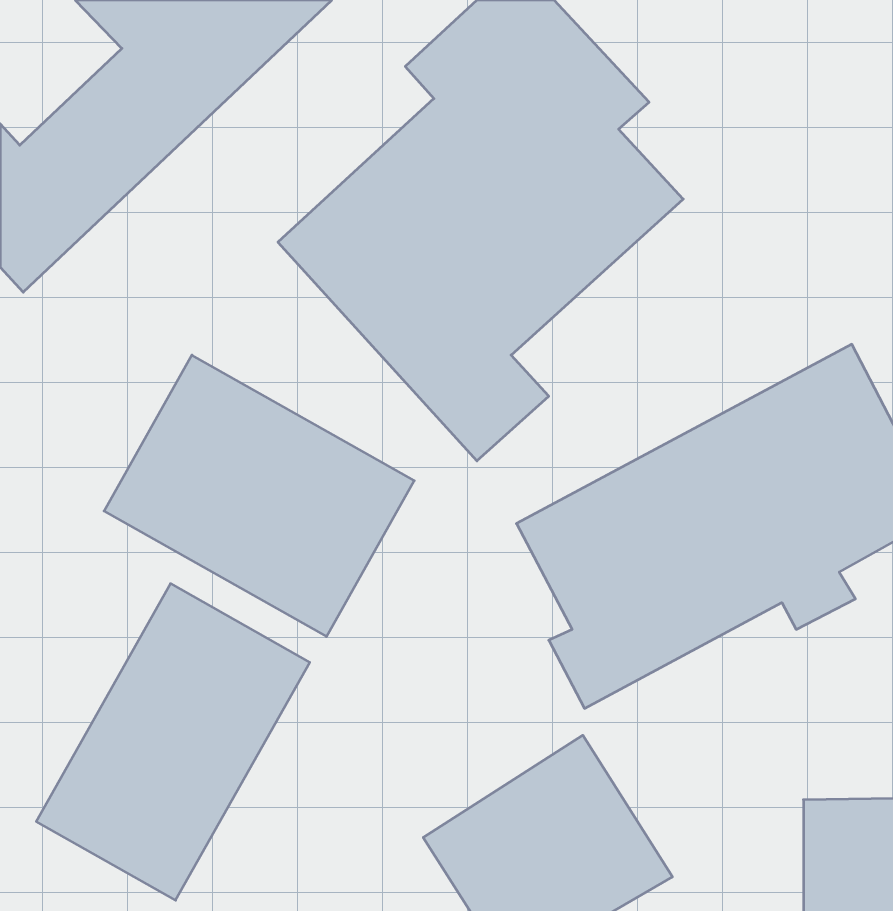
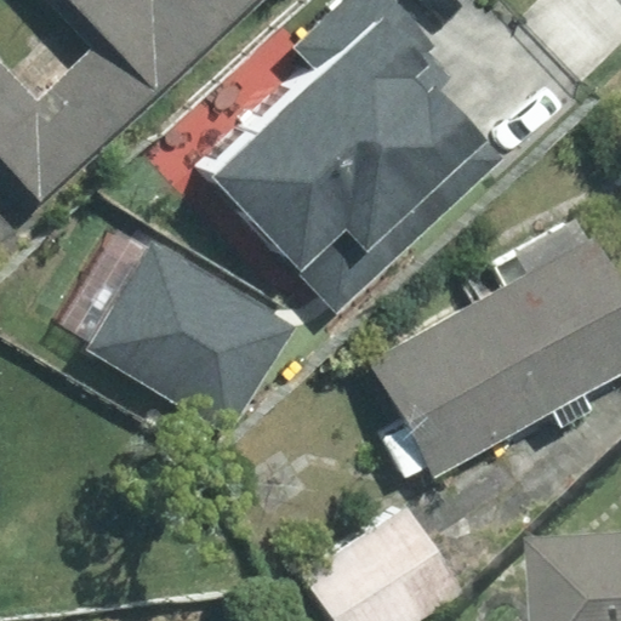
building: [36,584,310,900] -> none

